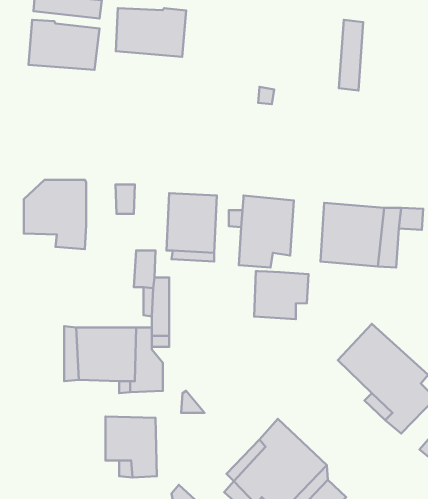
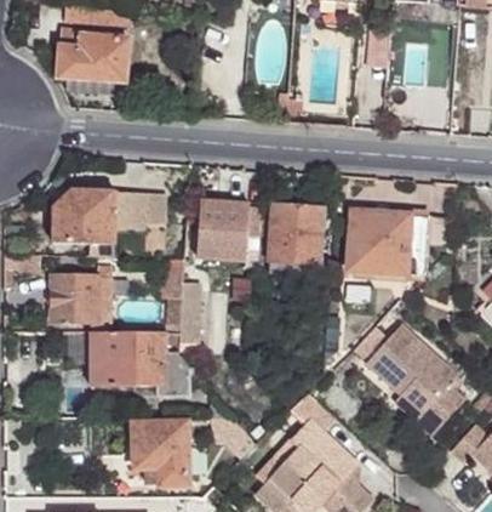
building: [116,8,186,57] -> none
building: none -> [116,187,147,229]
building: none -> [53,273,101,319]
building: [254,271,309,319] -> none

